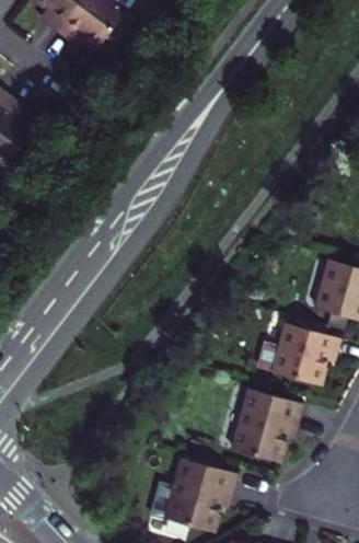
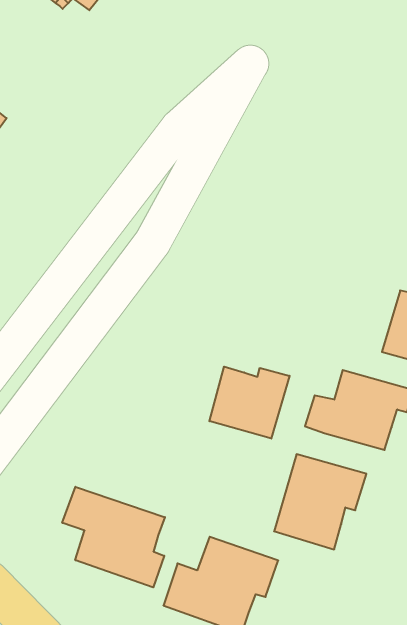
building: none -> [209,367,290,439]
building: none -> [62,487,165,587]

